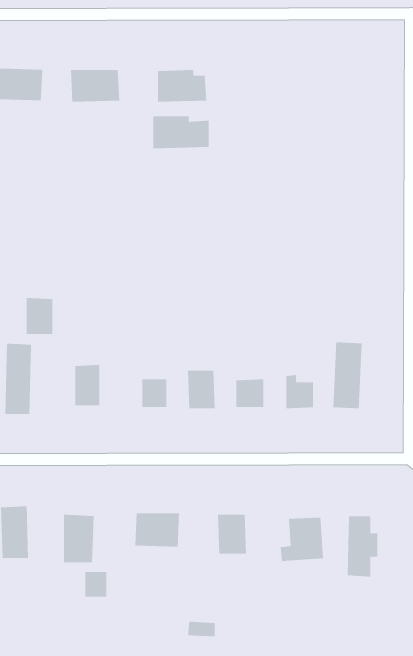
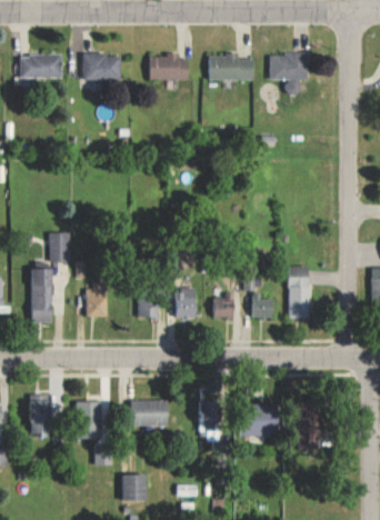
building: none -> [270,53,308,93]
building: [152,116,210,149] -> [209,54,253,80]
building: none -> [122,474,147,501]

